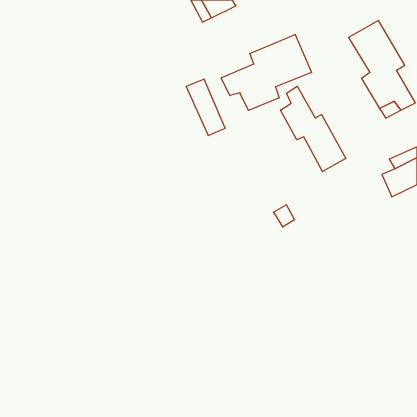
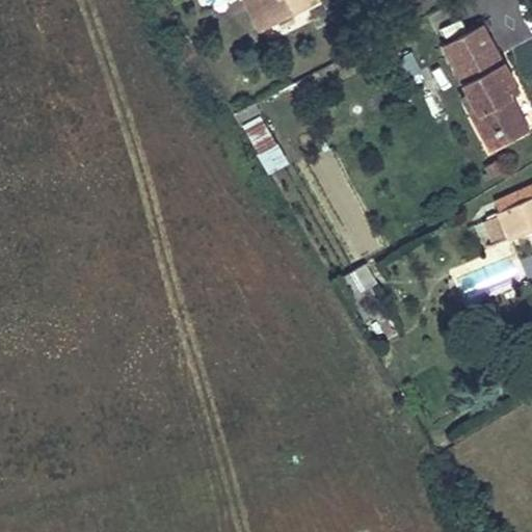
building: [221,34,312,110] -> none
building: [280,86,346,172] -> none

